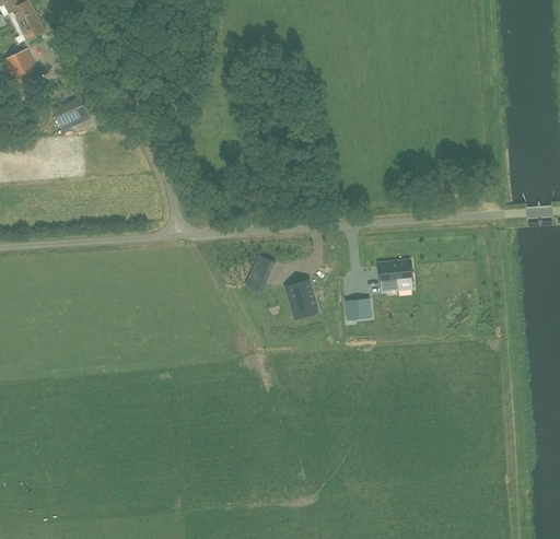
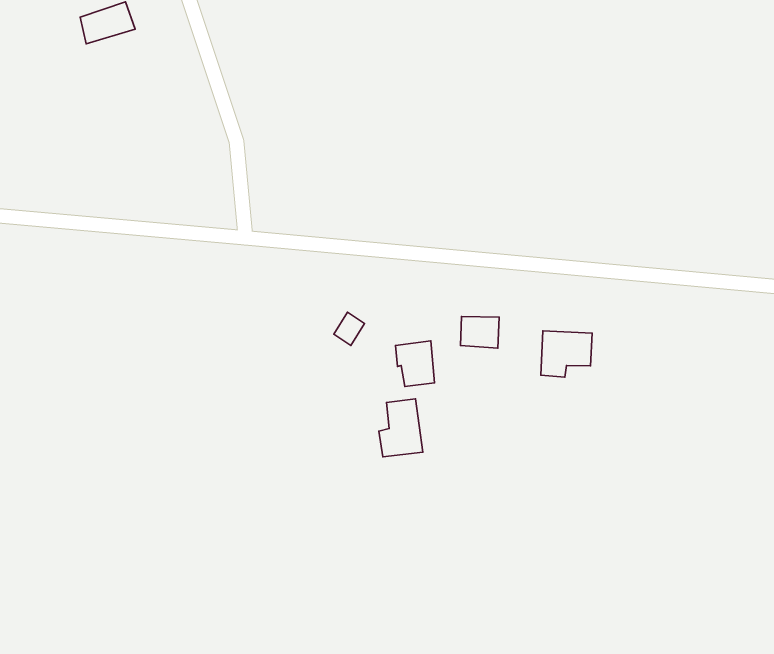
building: [346,297,372,319] -> [460,317,499,348]
building: none -> [379,399,423,457]

